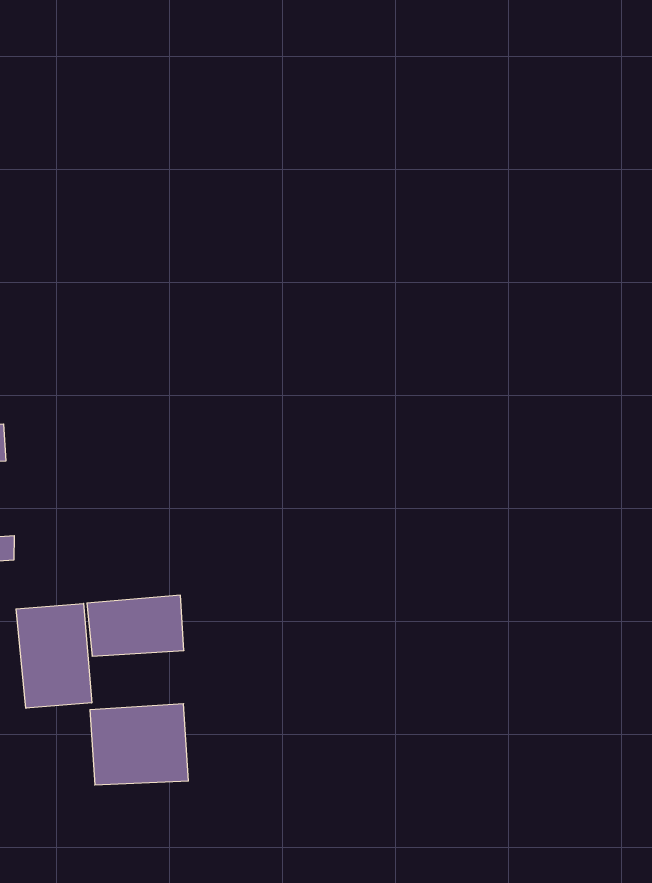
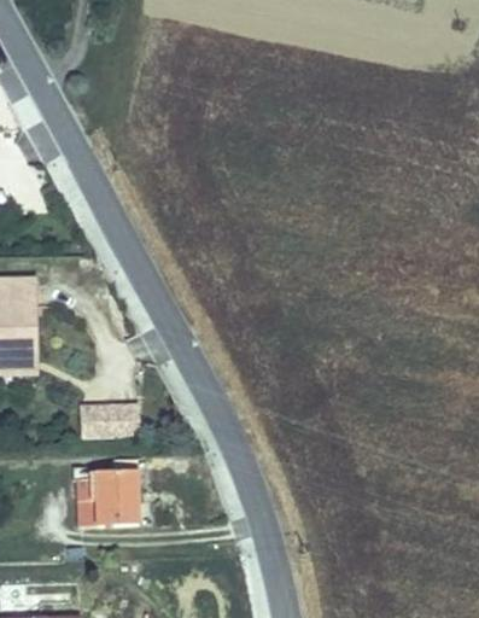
building: [16,603,92,708] -> none

